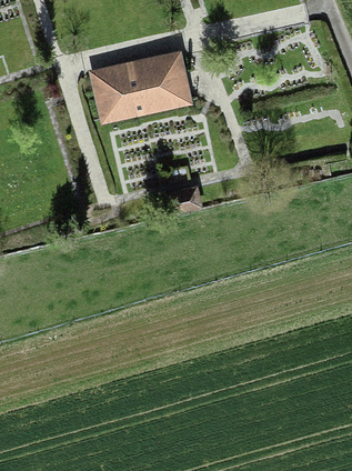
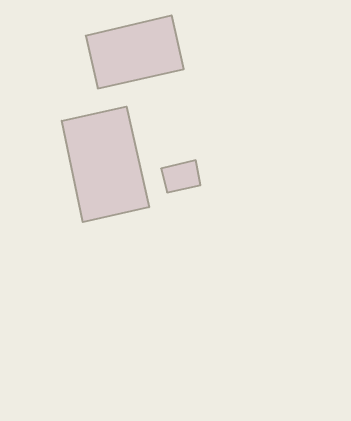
building: none -> [62,107,149,222]

